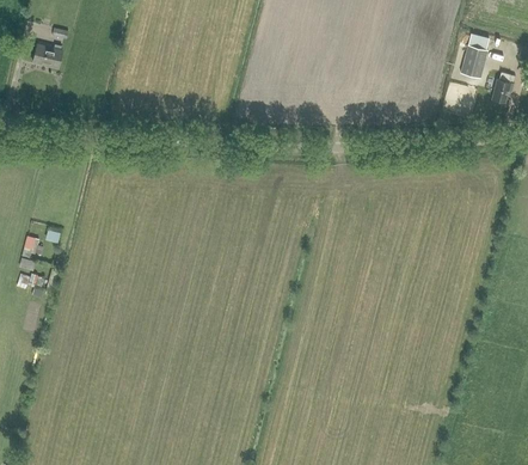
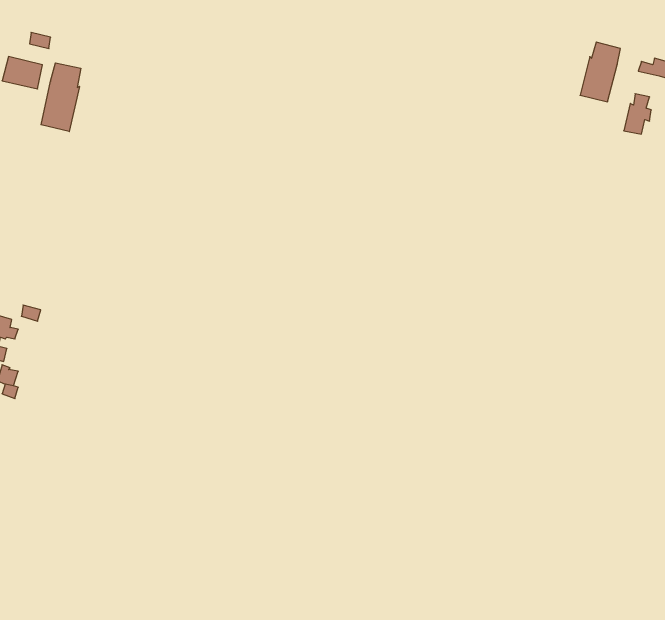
building: none -> [41,63,81,132]

